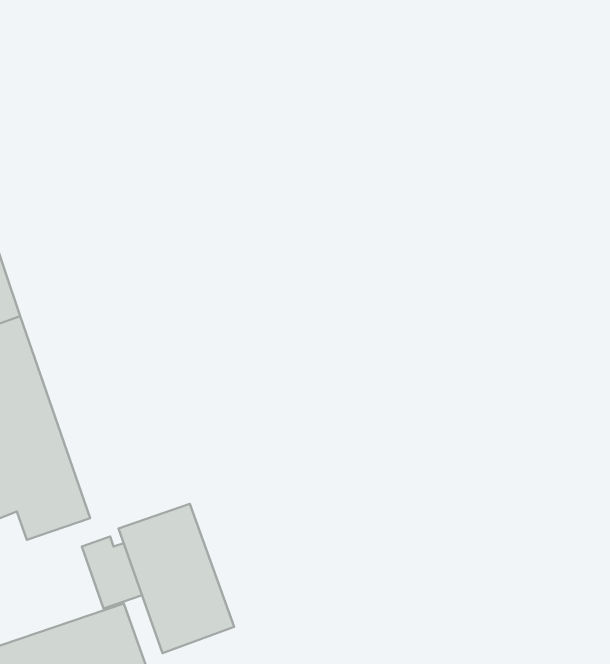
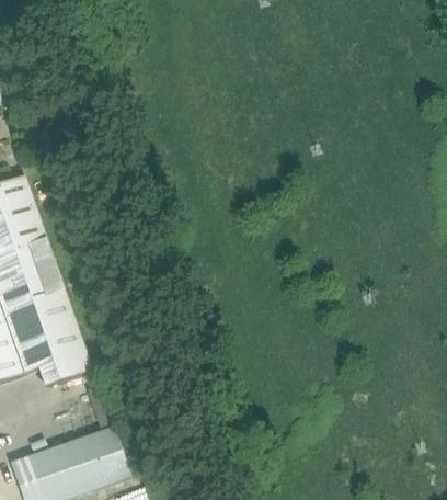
building: [119,504,234,653] -> none

